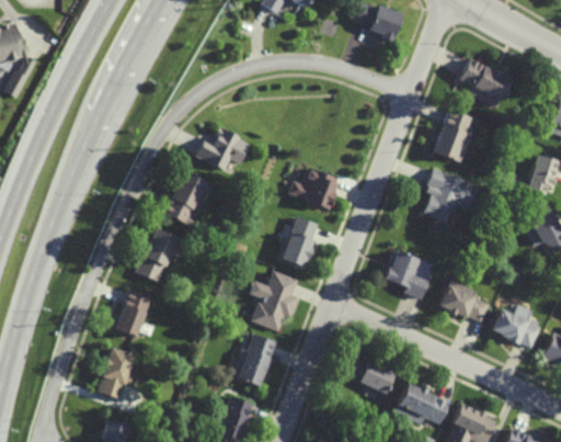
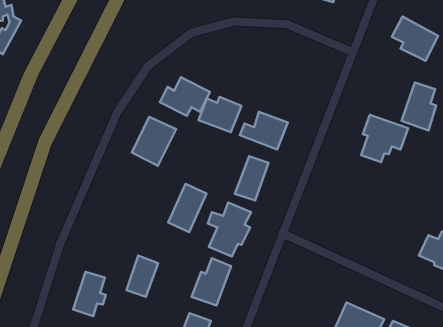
building: [433,109,472,163] -> [401,82,436,131]
building: none -> [198,97,242,132]
building: [135,227,179,282] -> [168,184,207,232]
building: [383,252,433,296] -> none
building: [438,277,493,324] -> none
building: [114,290,150,337] -> [126,256,158,297]
building: [346,354,396,395] -> none

